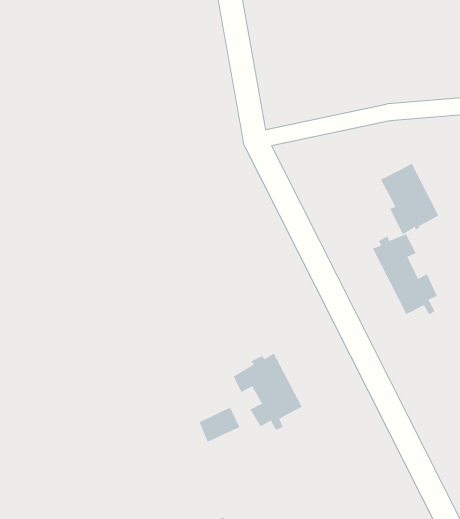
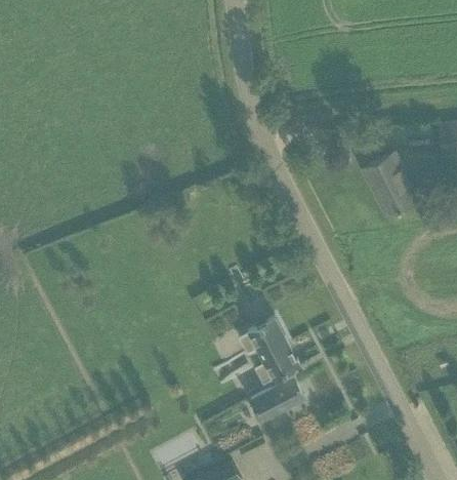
building: [372,233,438,315] -> none
building: none -> [250,379,306,425]

